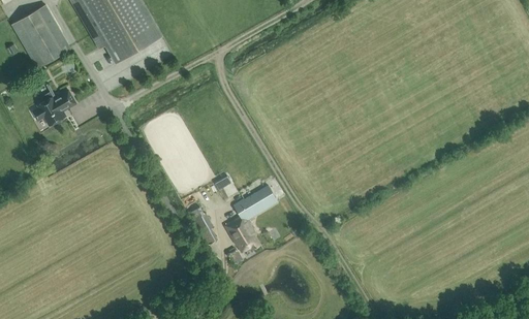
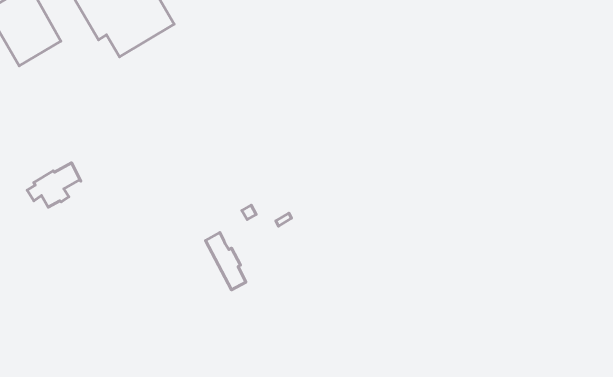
building: [34,90,76,125] -> [27,163,81,207]
building: [226,186,278,252] -> none

